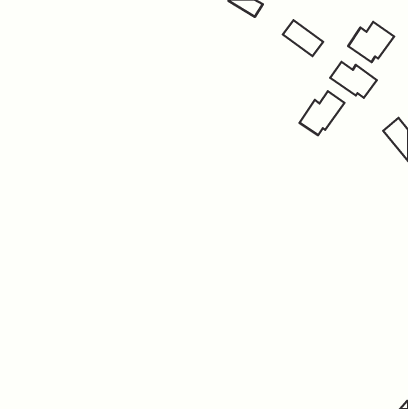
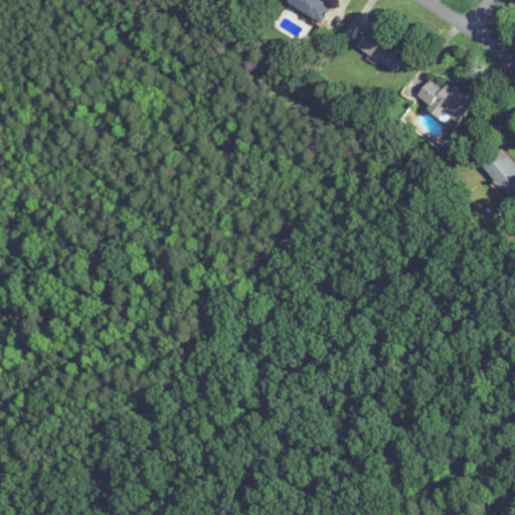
building: [348,22,394,62] -> none
building: [299,91,344,135] -> none

